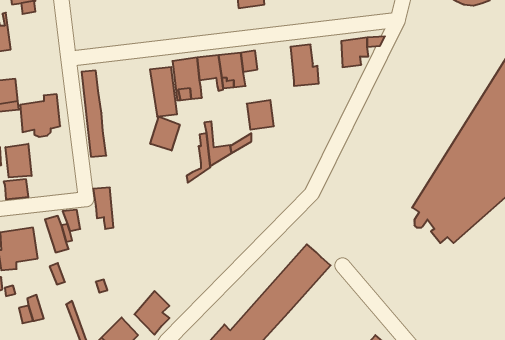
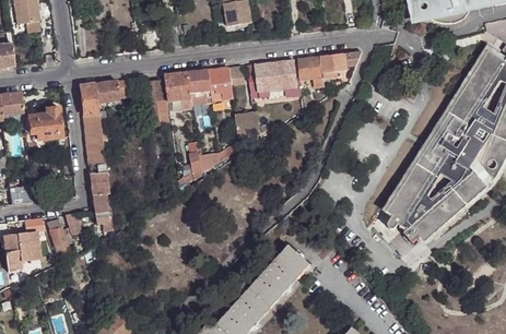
building: none -> [297,56,321,81]
building: none -> [255,61,276,96]
building: none -> [93,79,129,102]
building: [150,116,180,151] -> none
building: [6,144,32,177] -> none
building: none -> [89,162,106,192]
building: [134,291,169,335] -> none

